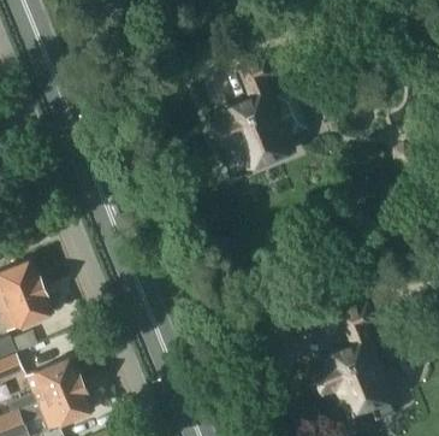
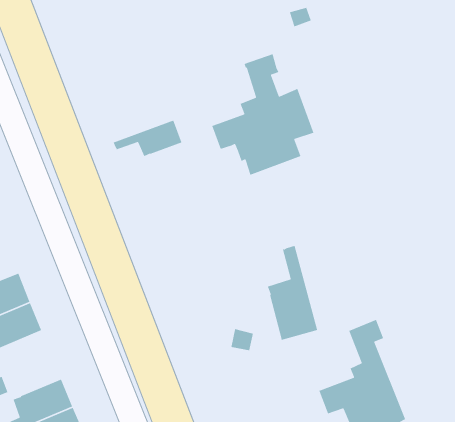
building: none -> [113,119,183,157]
building: none -> [267,245,318,341]

